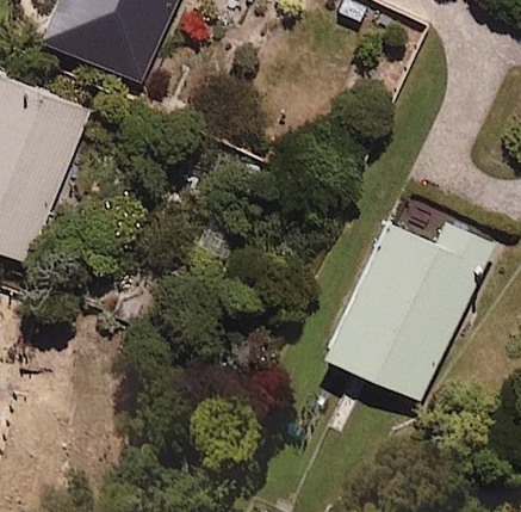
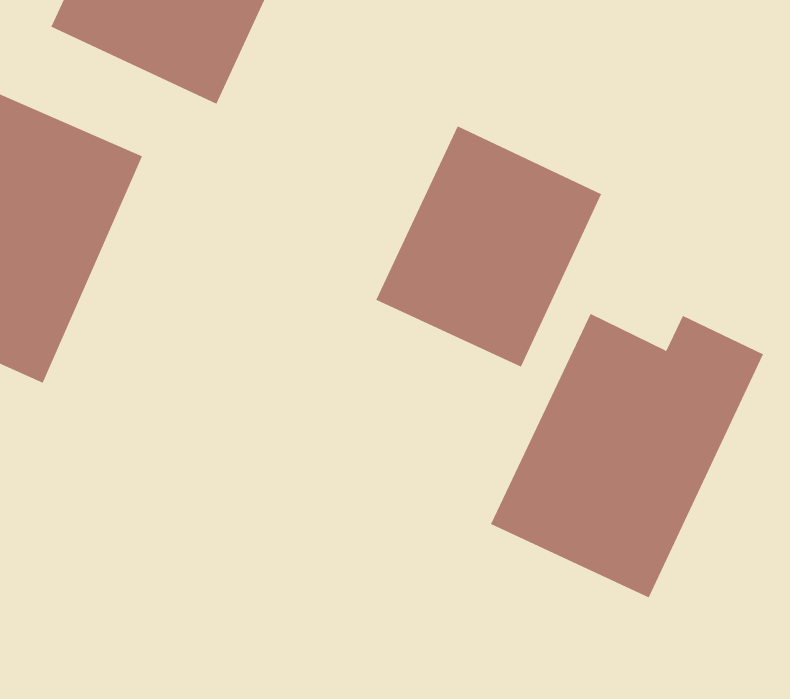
building: none -> [376,125,602,367]

